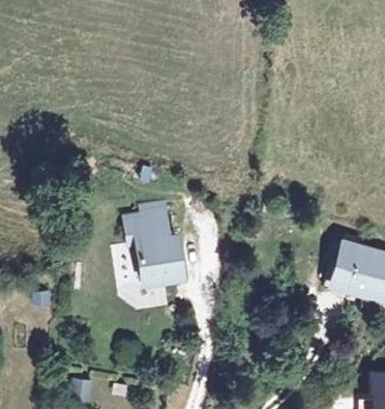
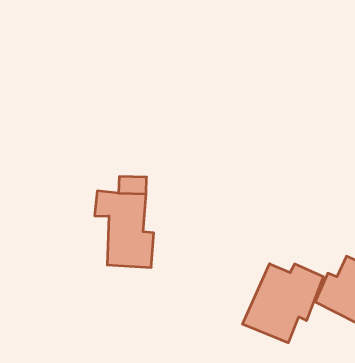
building: none -> [243,264,323,343]

